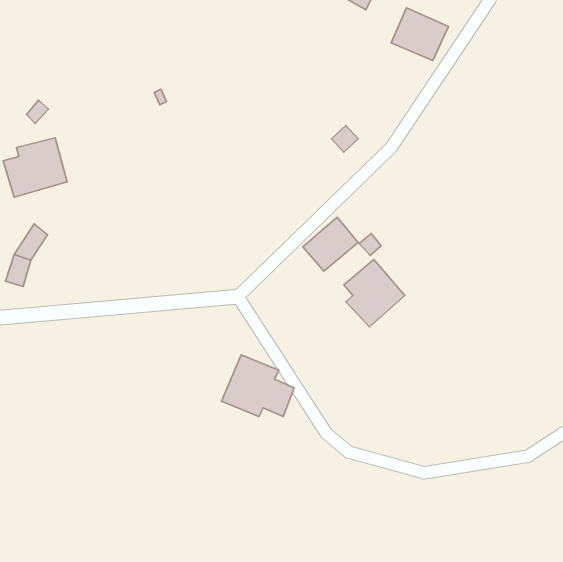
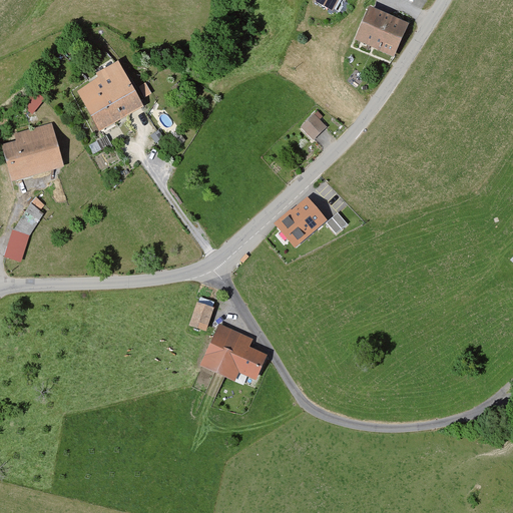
building: none -> [80,63,141,128]
building: [344,259,405,327] -> none
building: none -> [189,301,215,330]

